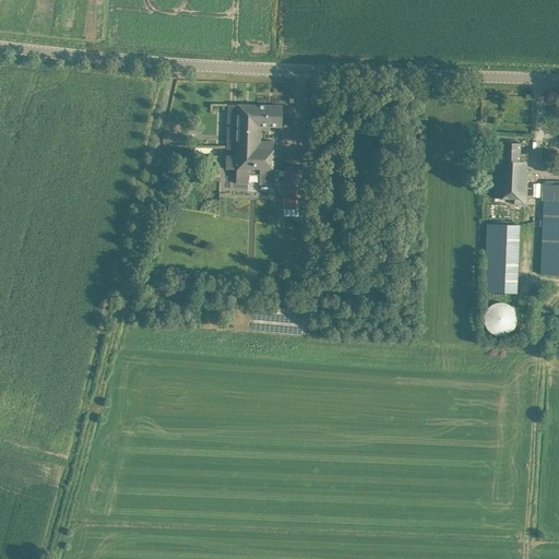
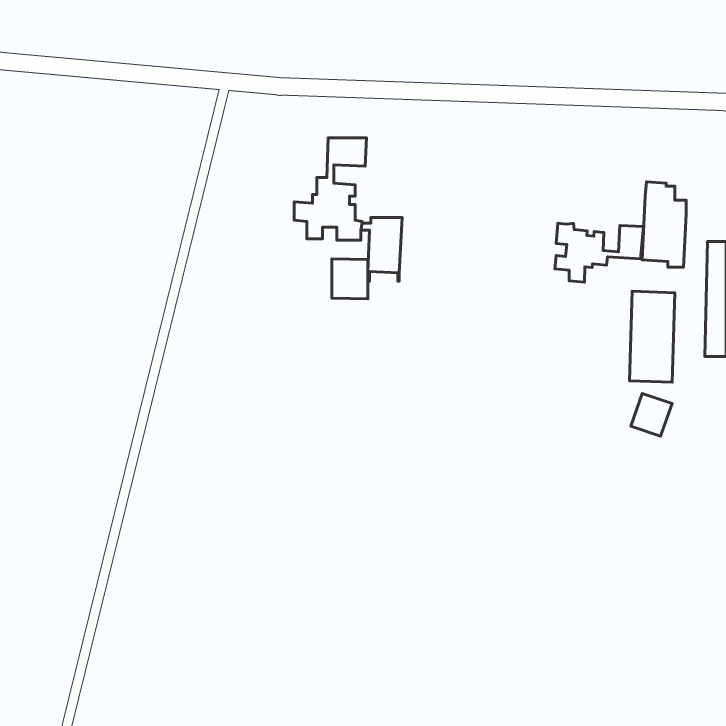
building: [226,105,252,150] -> none
building: none -> [555,223,644,282]
building: none -> [332,259,368,299]

